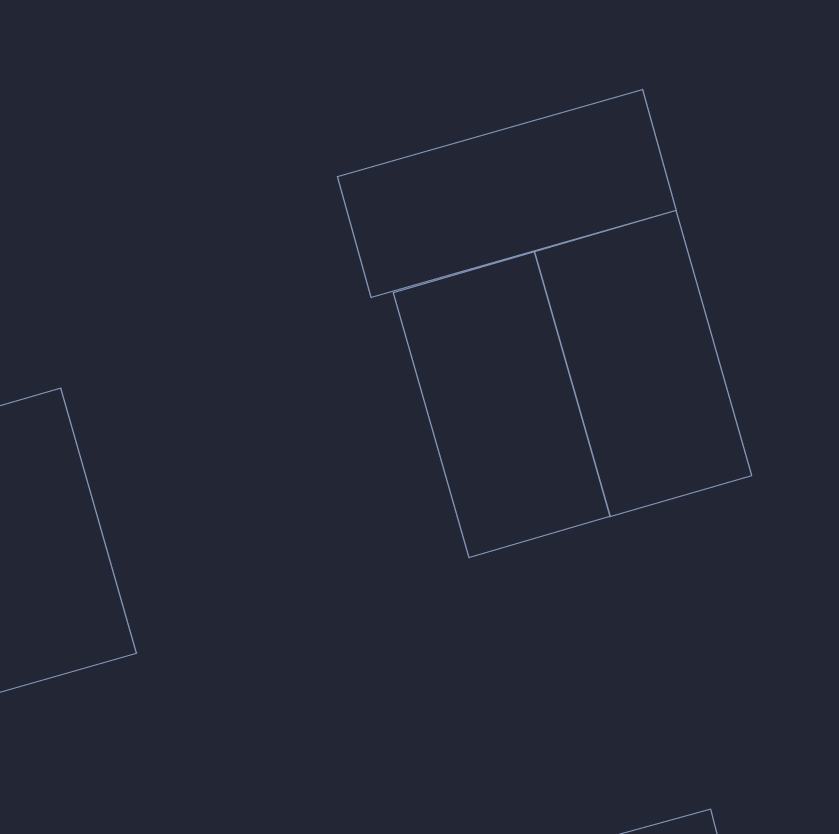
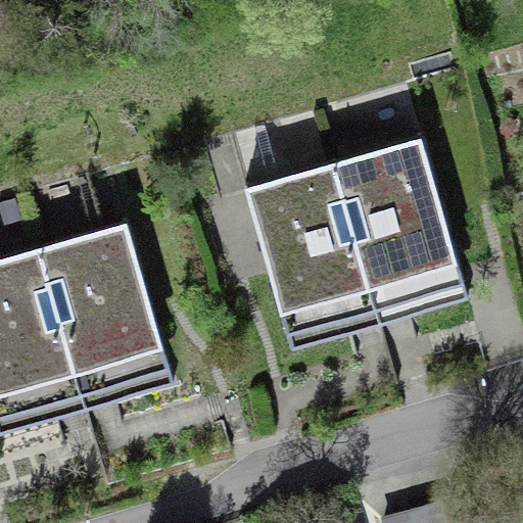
building: [337,89,676,298] -> none
building: none -> [38,220,173,410]

